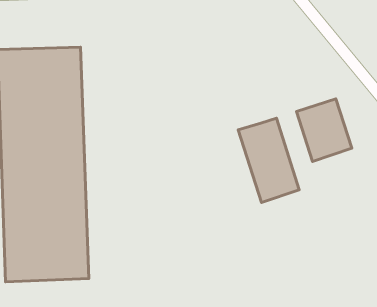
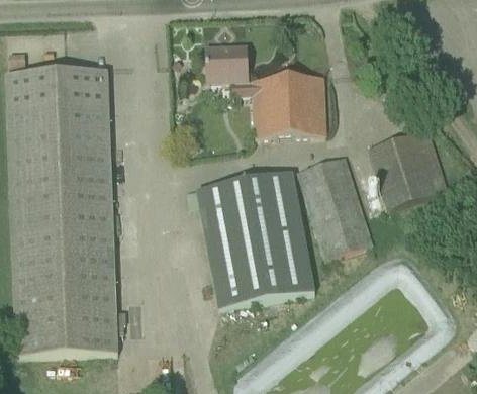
building: none -> [206,44,325,134]
building: none -> [195,170,316,307]

